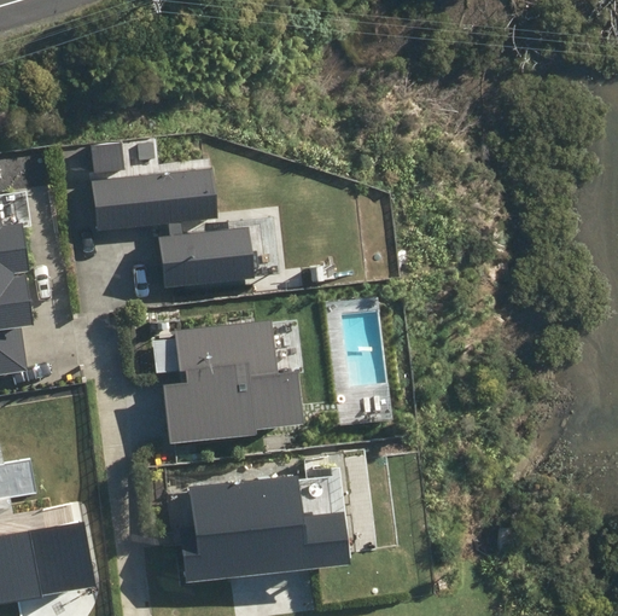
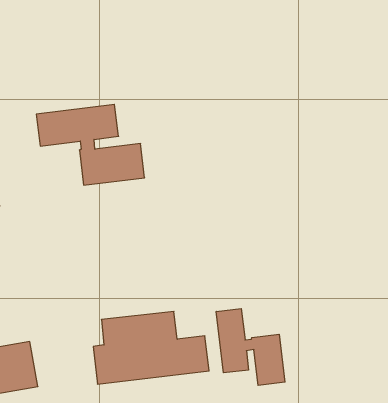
building: [163,313,308,438] -> none
building: none -> [216,309,285,385]

